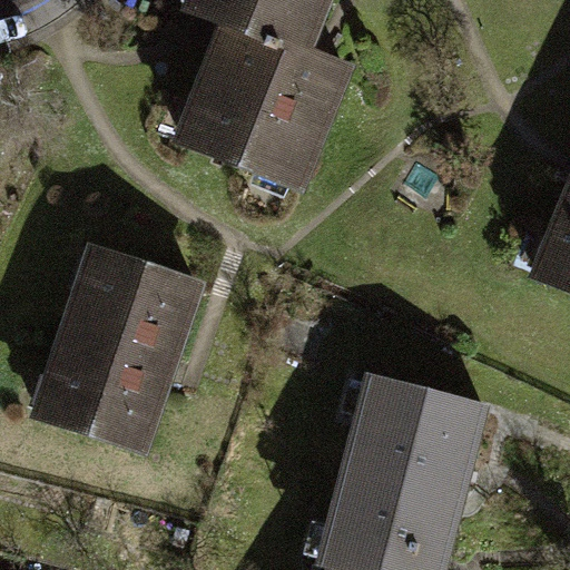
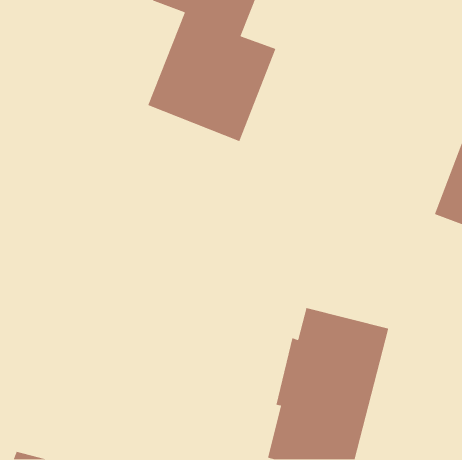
building: [36,254,195,450] -> none

